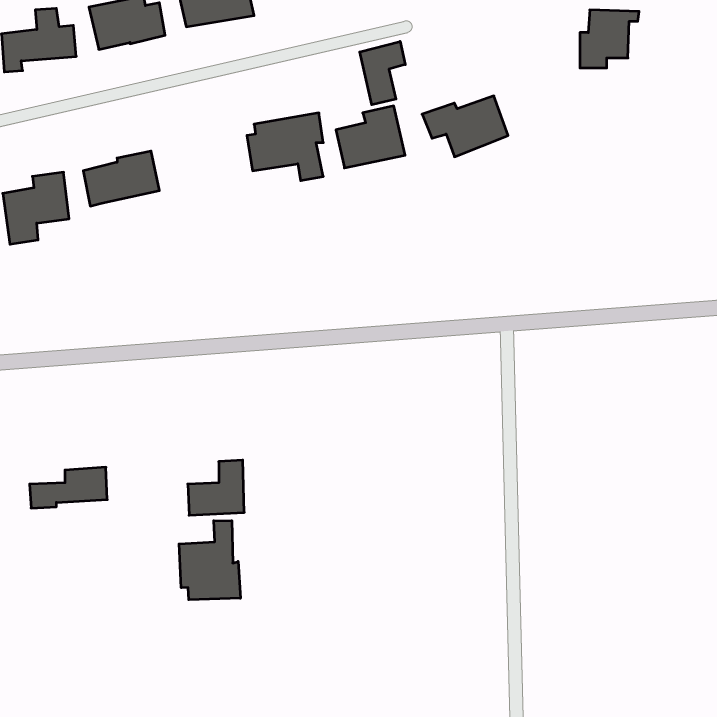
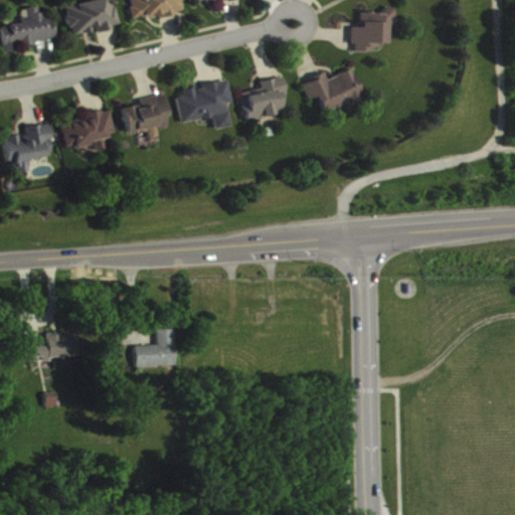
building: [580,10,639,68] -> [352,10,394,51]
building: [360,41,405,105] -> none
building: none -> [122,94,169,138]
building: [179,521,240,600] -> none

